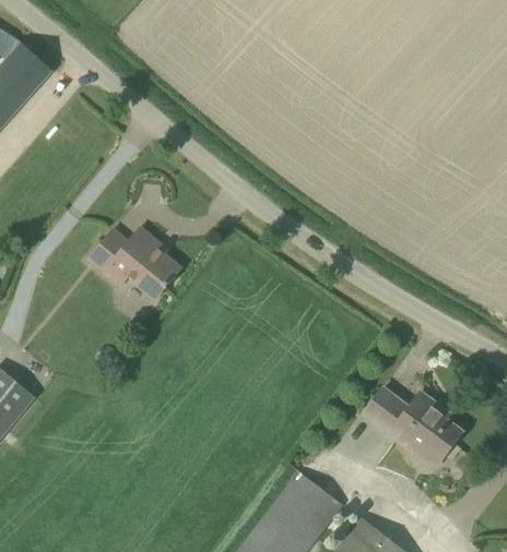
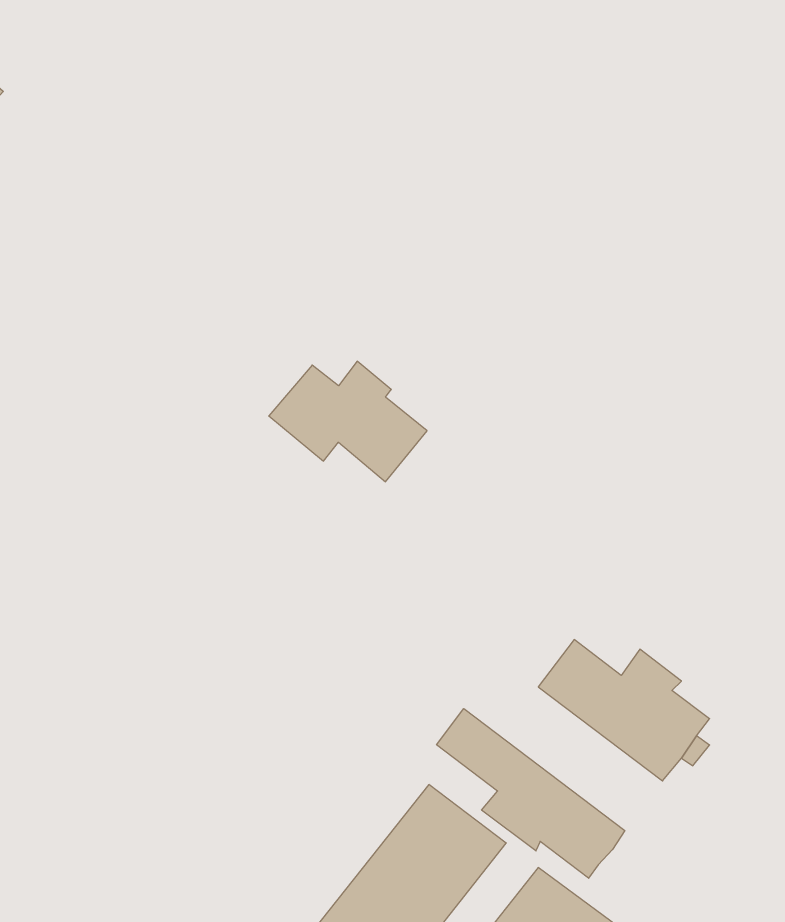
building: [87,228,179,298] -> [269,361,427,482]
building: none -> [437,709,625,878]

